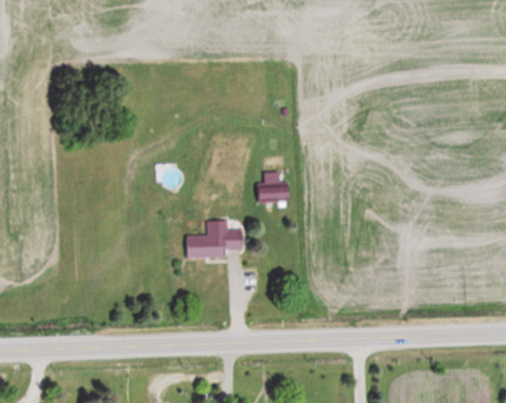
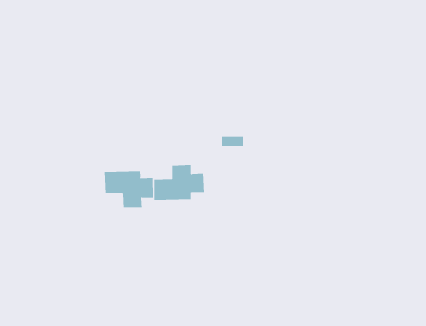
building: none -> [104,171,153,208]

